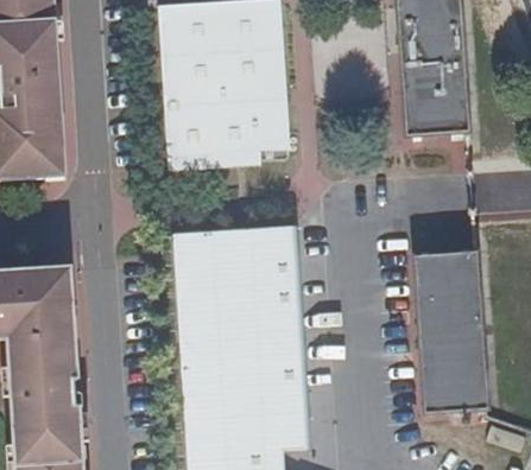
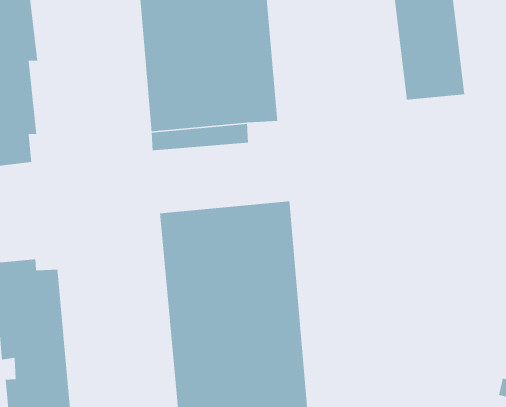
building: [417,256,480,420] -> none

